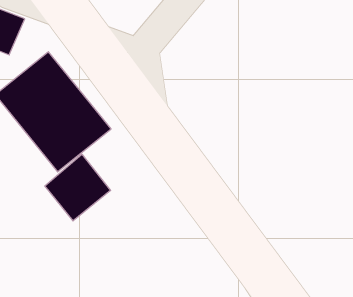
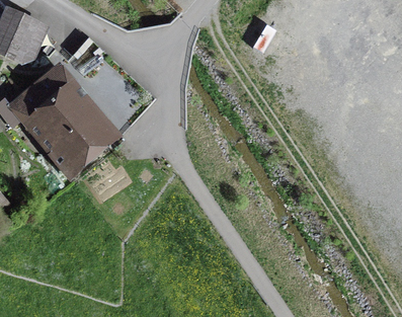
building: [45,154,111,221] -> none

